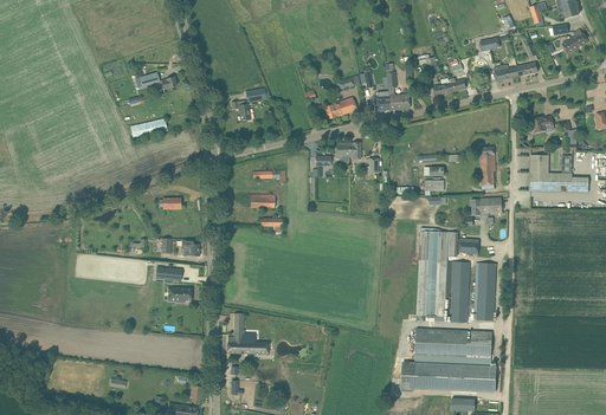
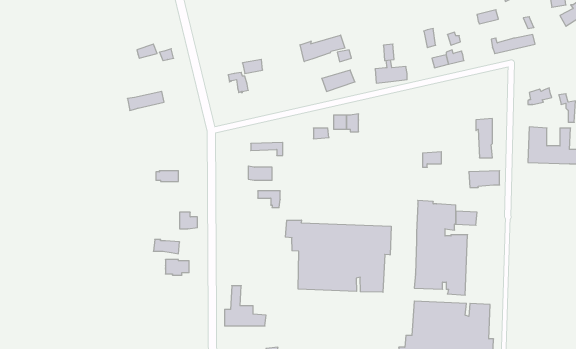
building: none -> [300,35,345,62]
building: none -> [285,220,391,292]
building: [470,261,496,320] -> none

